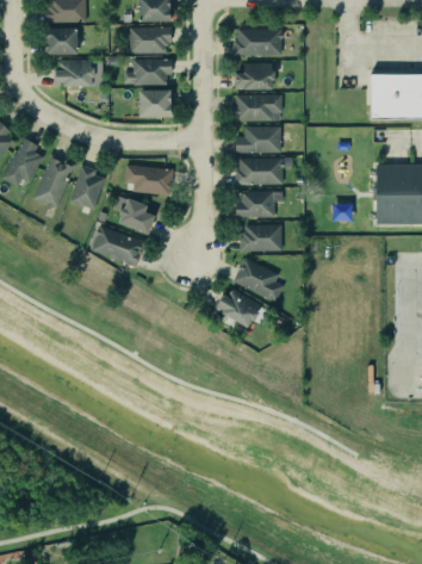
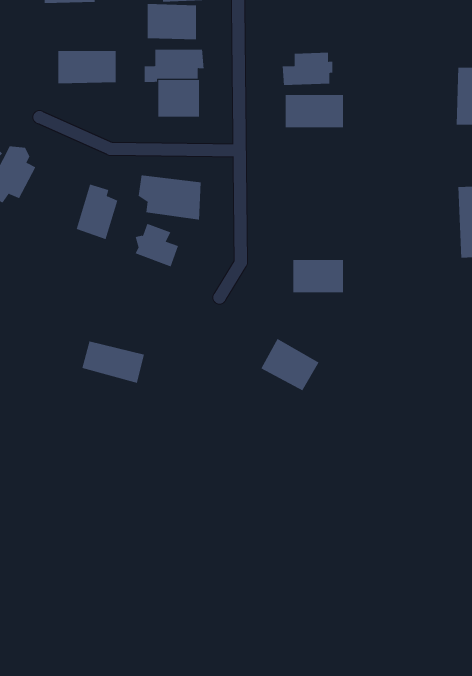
building: [46,29,79,55] -> none
building: [236,30,283,56] -> none
building: [235,125,279,151] -> none
building: [32,153,76,207] -> none
building: [235,157,284,184] -> none
building: [238,191,284,218] -> none
building: [95,228,145,261] -> [81,341,145,383]
building: [234,259,285,302] -> none

